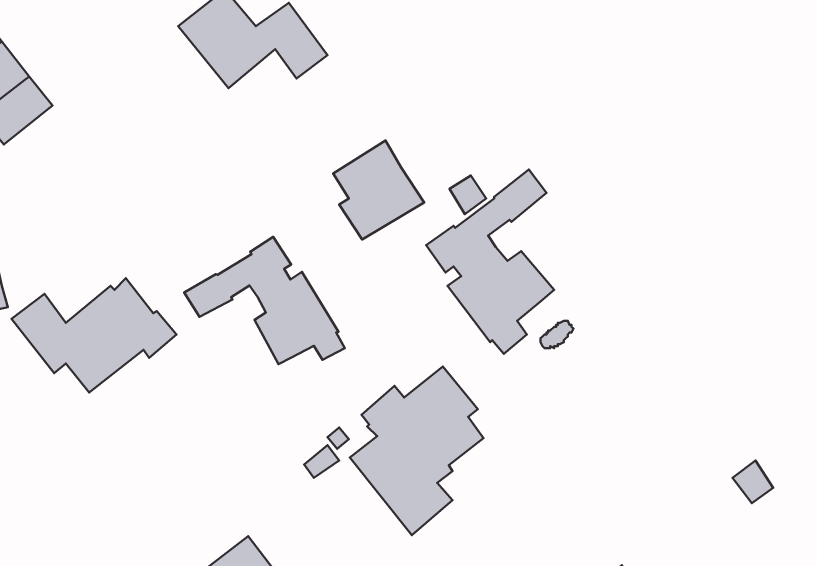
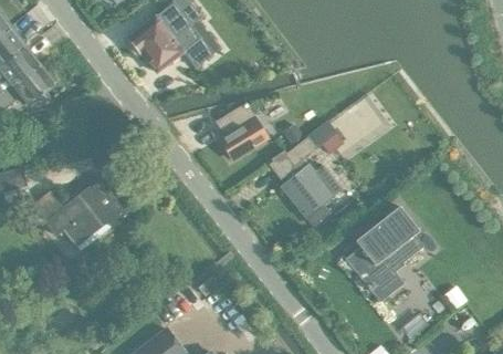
building: [184,237,345,364] -> none
building: [350,366,484,535] -> [345,206,421,302]

